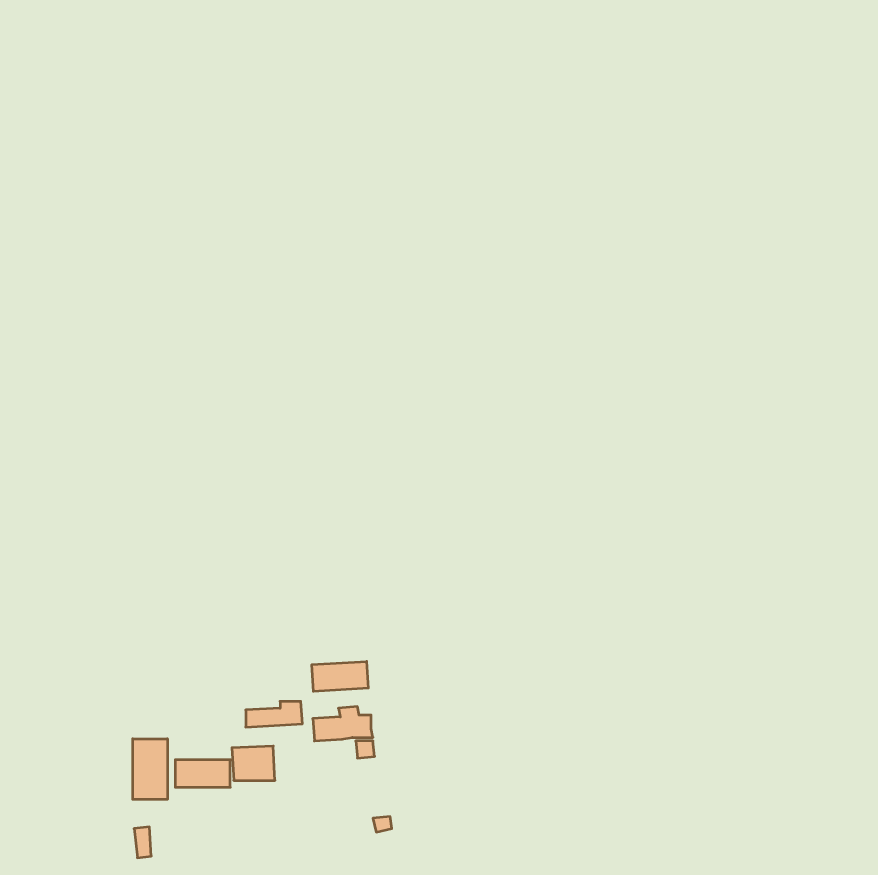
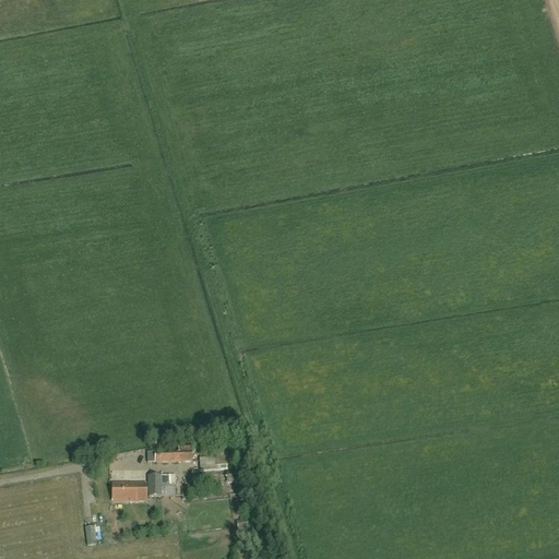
building: [312,661,368,691] -> none
building: [133,739,167,799] -> none

